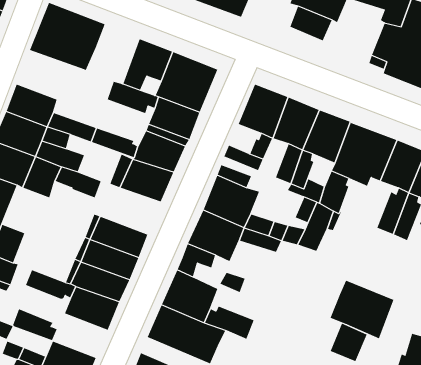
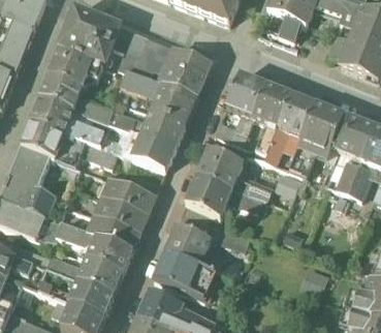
building: none -> [114,28,148,75]
building: none -> [50,49,103,88]
building: [330,280,394,339] -> none
building: none -> [78,259,123,294]

